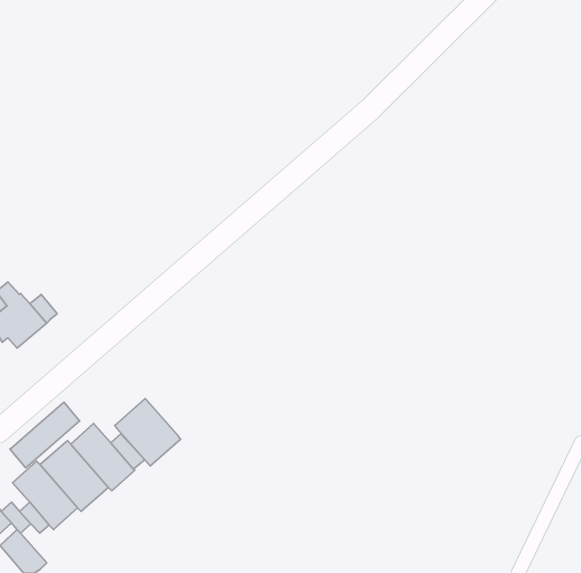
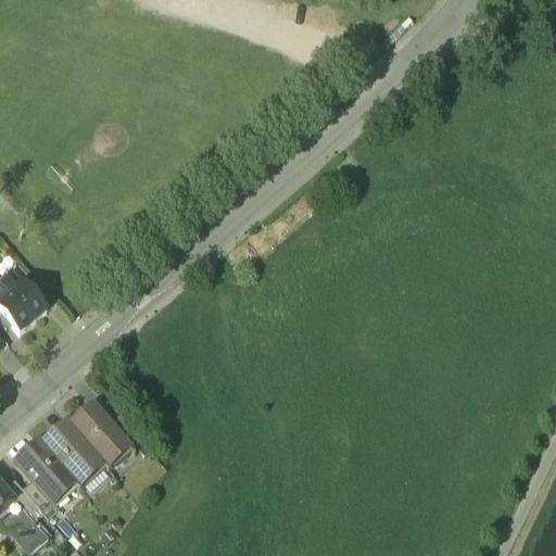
building: [115,399,181,466] -> none
building: [10,402,80,468] -> none

